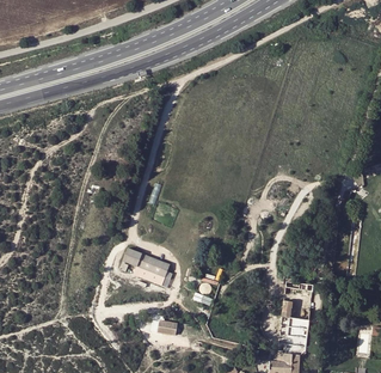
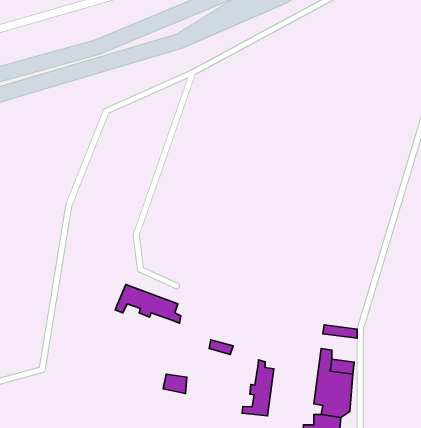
building: none -> [242,360,274,416]

